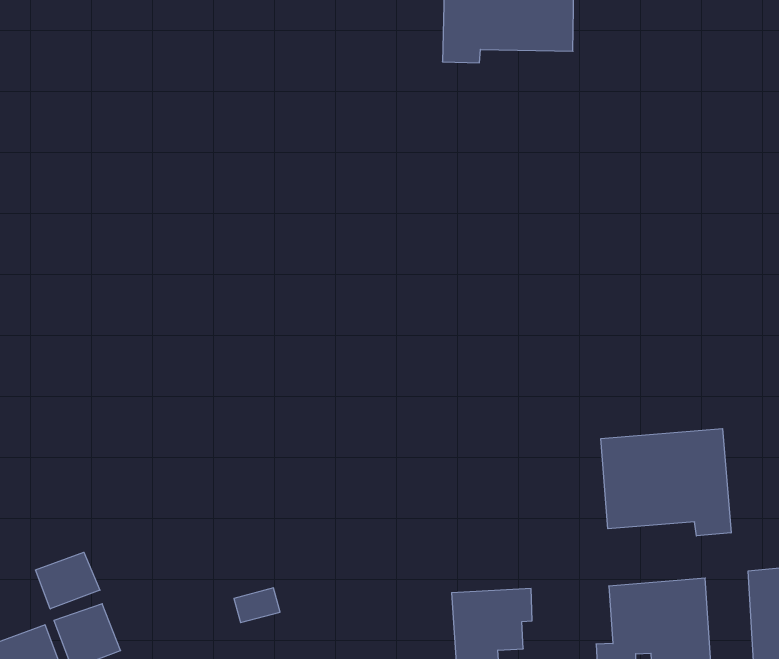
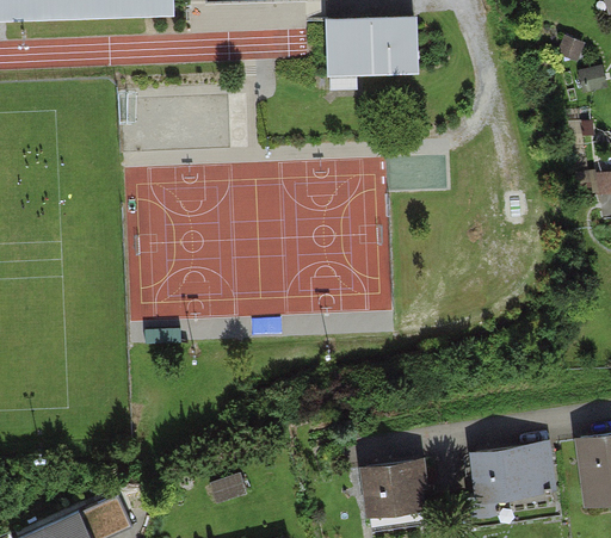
building: [601,429,731,536] -> none
building: [35,552,100,609] -> none

